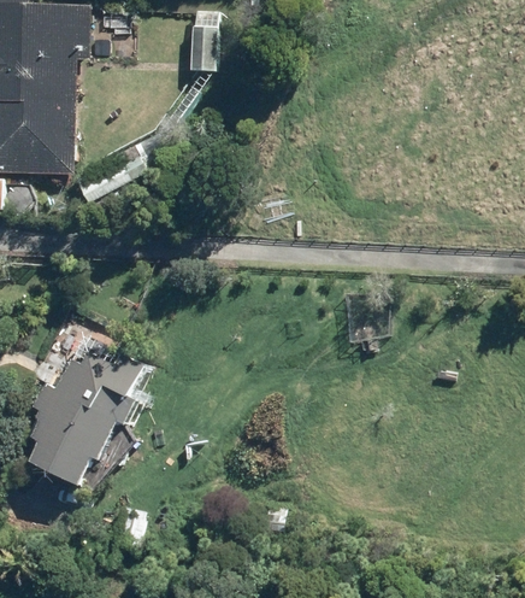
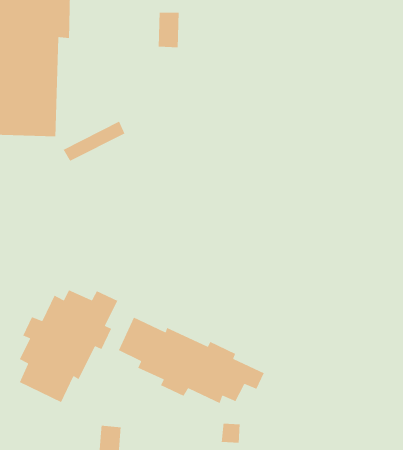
building: none -> [118,317,265,404]

